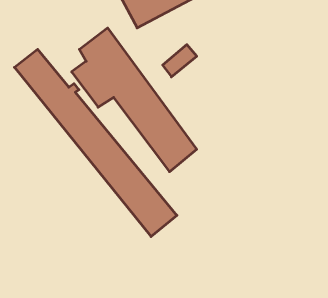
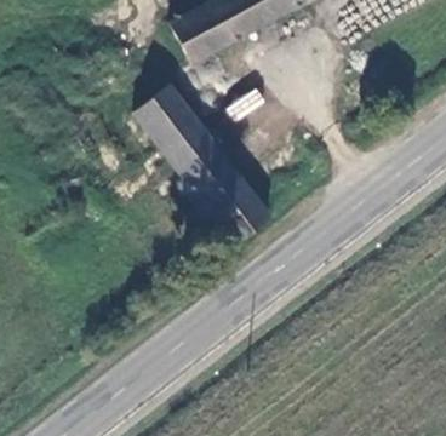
building: [14,49,177,237] -> none

